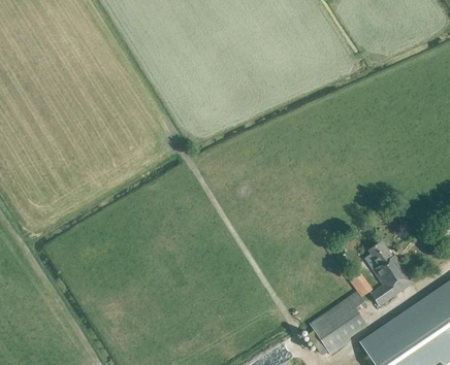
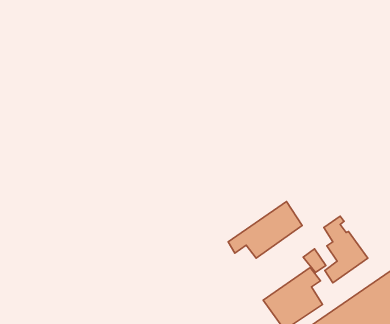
building: none -> [228,201,302,258]

